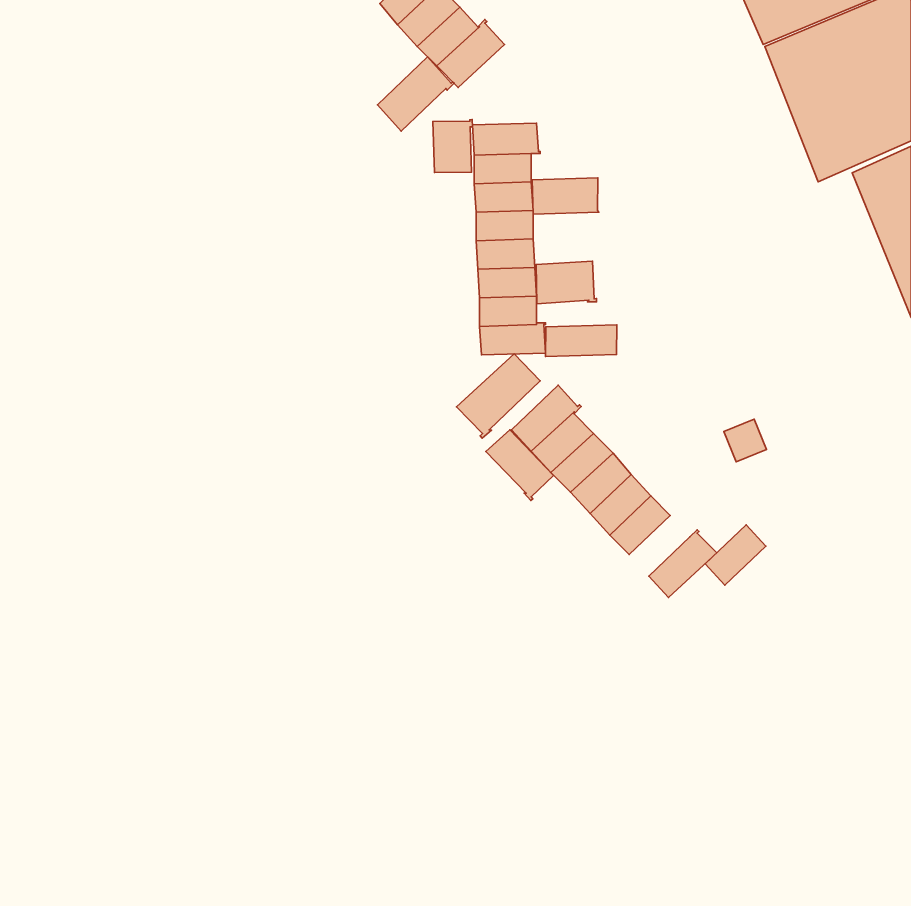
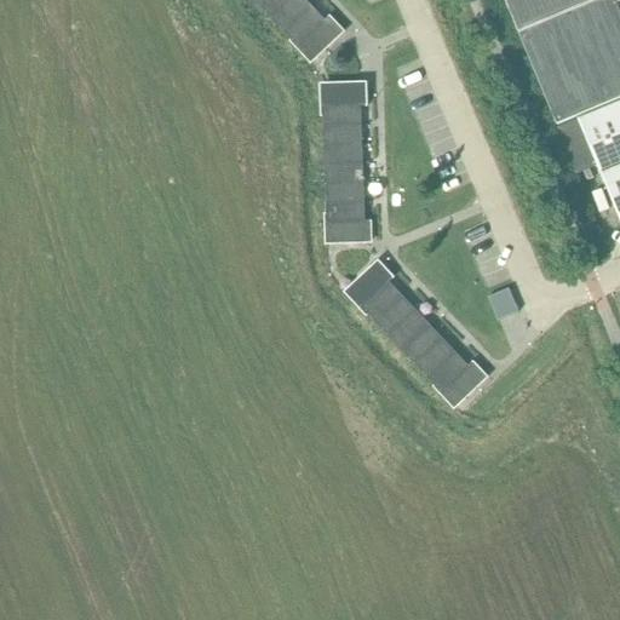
building: [378,57,454,131] -> none
building: [433,120,473,172] -> none
building: [532,178,599,214] -> none
building: [536,261,597,304] -> none
building: [545,325,617,356] -> none
building: [457,354,540,438] -> none
building: [486,430,554,501] -> none
building: [705,525,766,585] -> [427,350,469,391]

